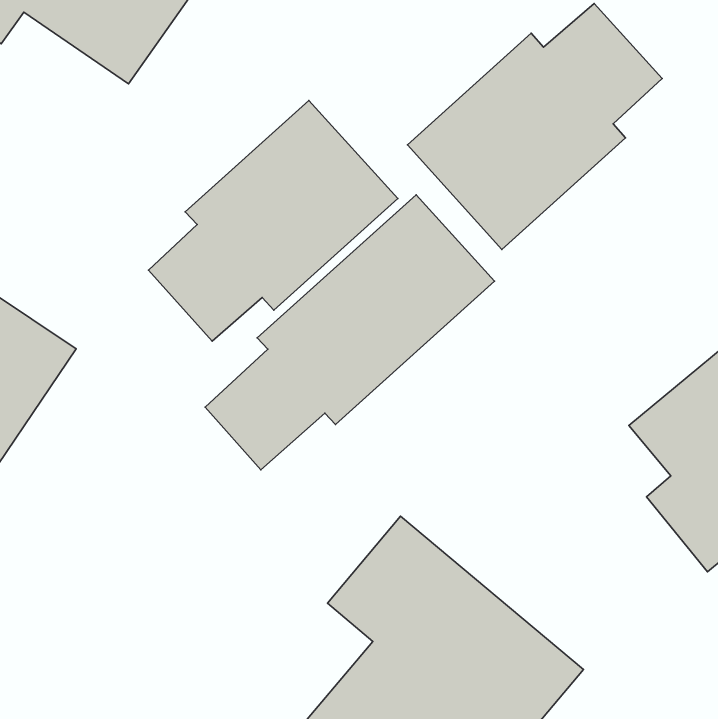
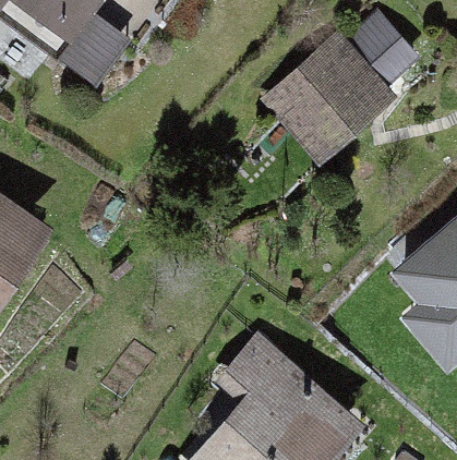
building: [149,100,398,341] -> none
building: [205,195,494,470] -> none

